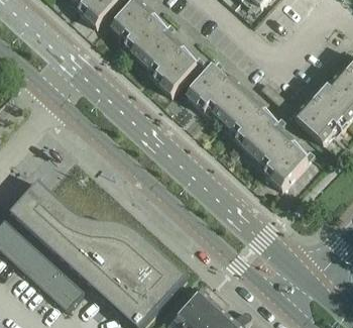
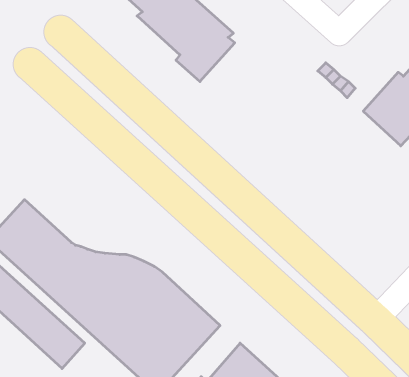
building: [186,66,307,188] -> none

